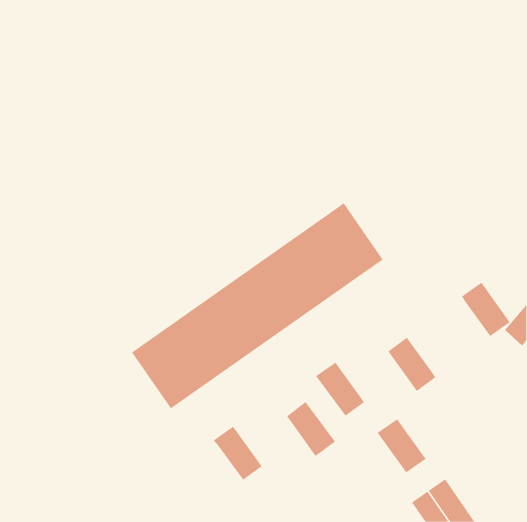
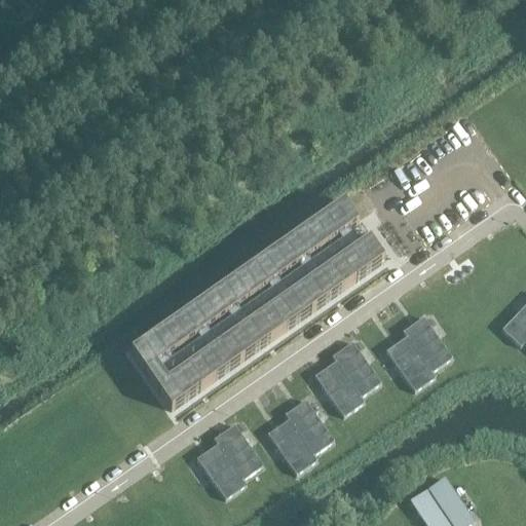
building: [461,282,511,337] -> [402,315,451,370]
building: [377,418,426,473] -> [331,341,380,396]
building: none -> [267,418,316,473]
building: none -> [195,443,245,497]

